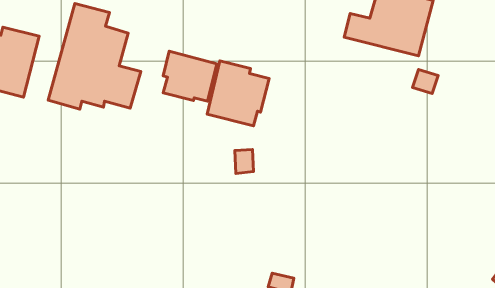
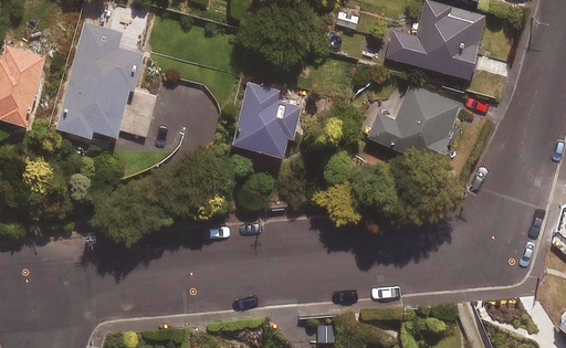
building: [163,51,217,101] -> none
building: none -> [368,85,461,165]

